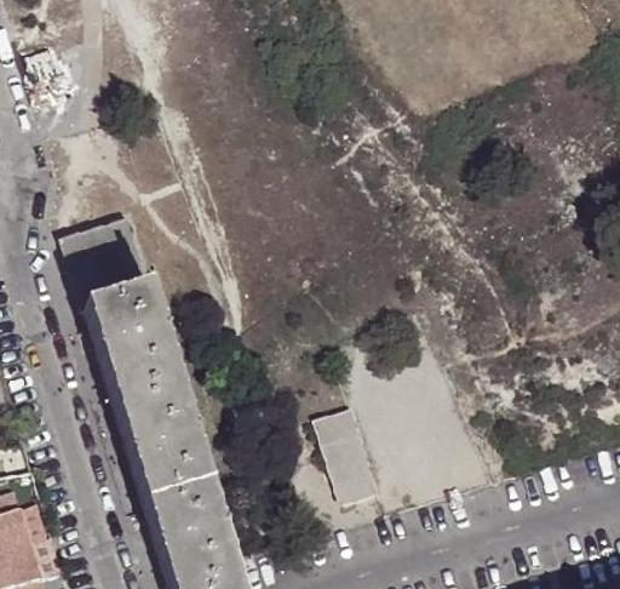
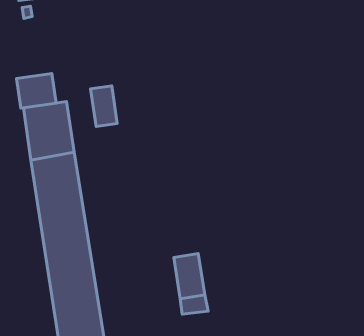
building: none -> [16,73,56,108]
building: none -> [91,86,117,126]

